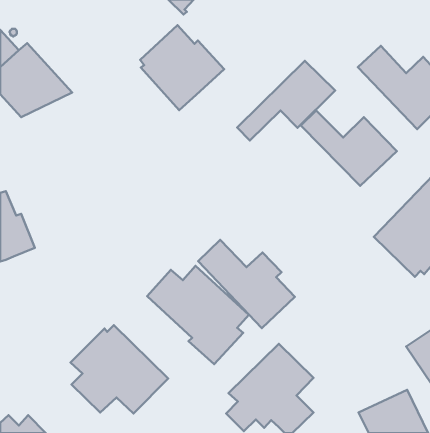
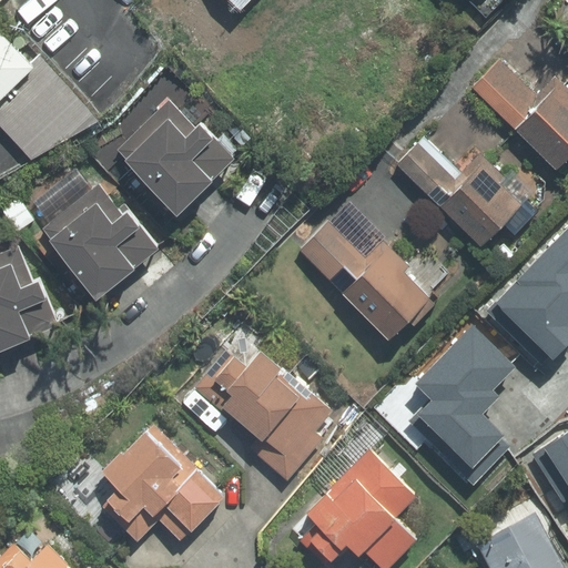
building: [140,25,224,110] -> [120,103,230,214]
building: [237,61,335,141] -> none
building: none -> [42,187,150,297]
building: [198,240,295,328] -> [301,223,427,338]
building: none -> [414,324,521,483]

